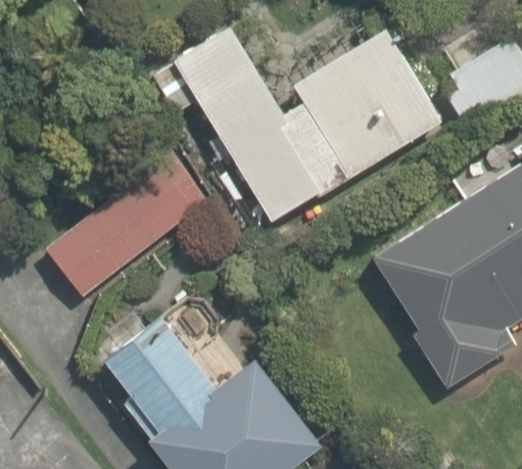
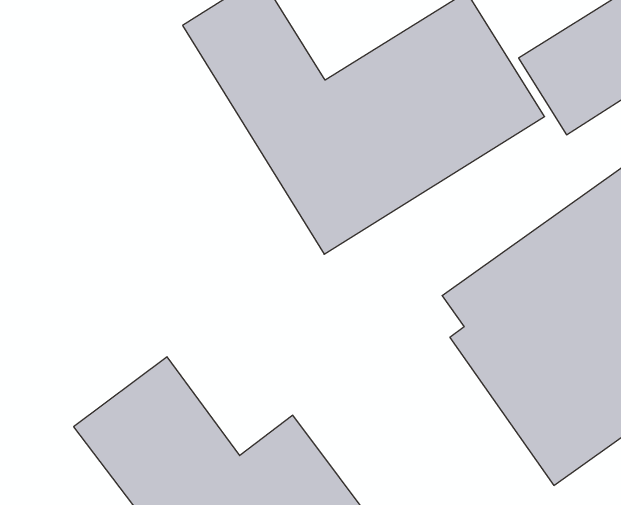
building: [46,148,221,311] -> none

